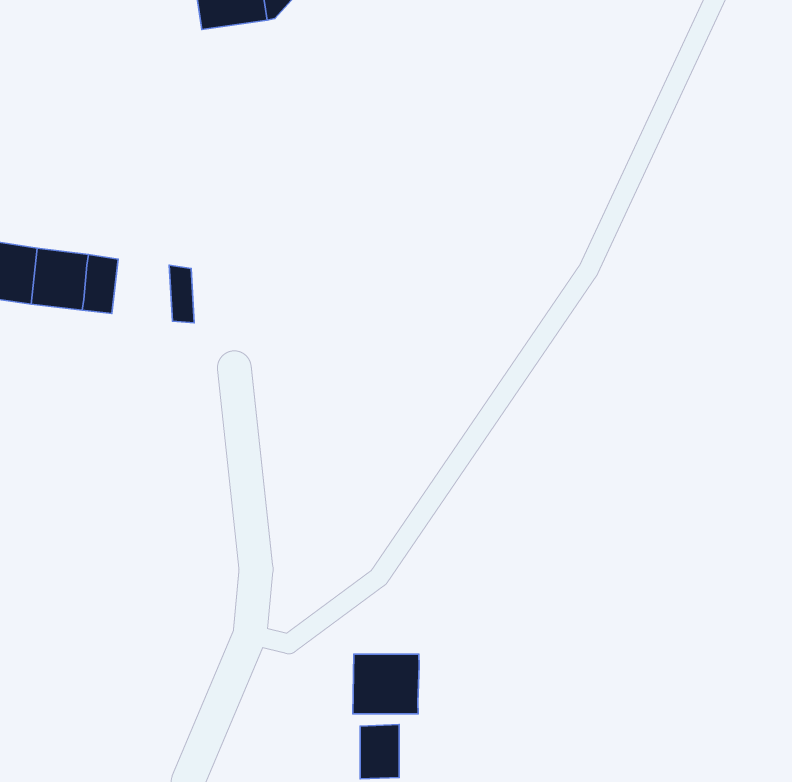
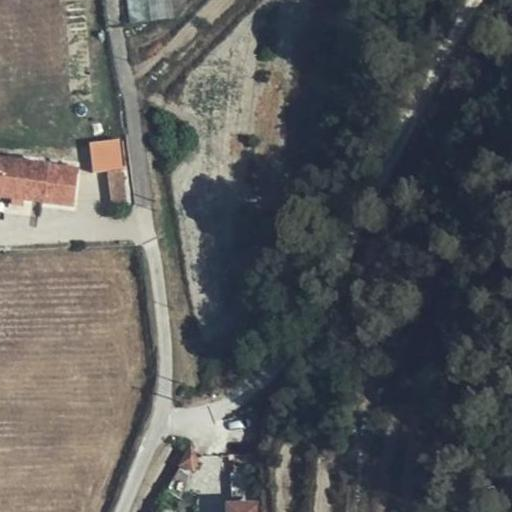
building: none -> [89,138,123,168]
building: [353,654,419,714] -> none

